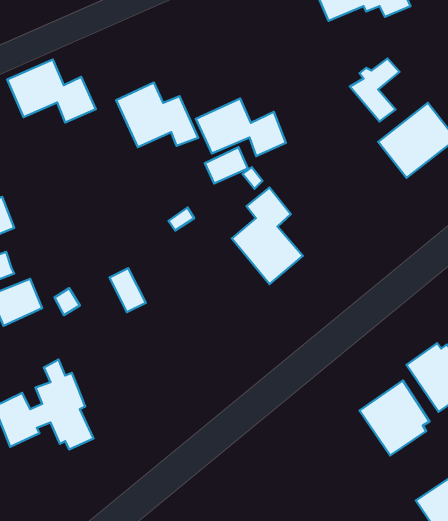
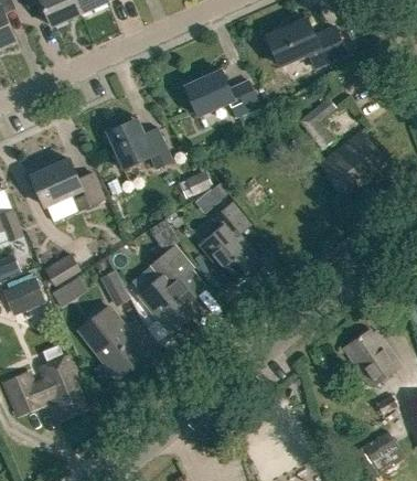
building: [7,59,96,123] -> [31,158,104,210]
building: [196,99,286,156] -> [184,68,258,116]
building: none -> [139,246,197,331]
building: none -> [43,254,81,286]
building: none -> [78,306,146,377]
building: [359,381,430,455] -> none

